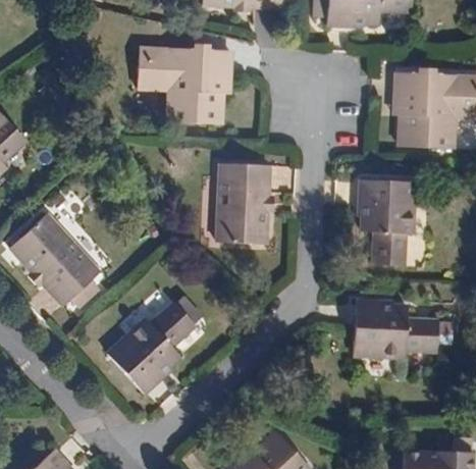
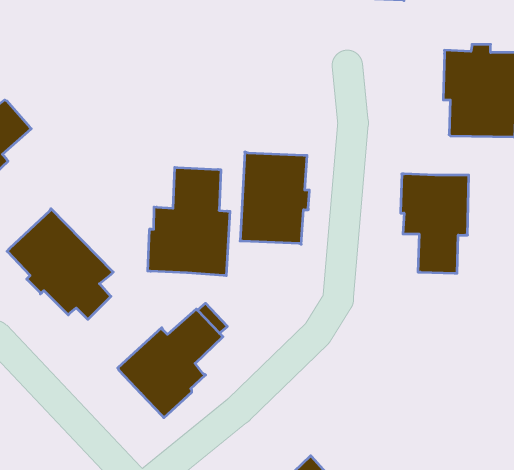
building: [137,42,233,124] -> none
building: none -> [148,167,230,276]
building: [354,299,441,359] -> none

